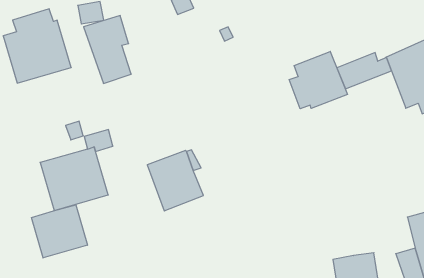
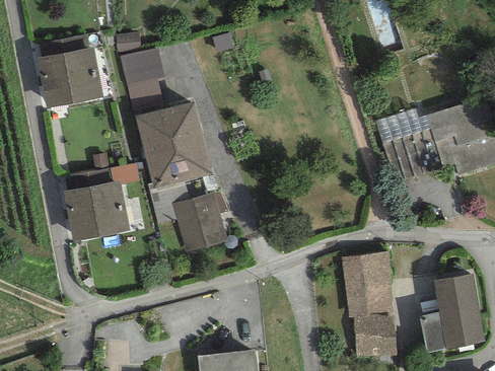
building: [289,51,347,109] -> none
building: none -> [135,101,213,188]
building: none -> [344,251,394,317]
building: [31,205,87,258] -> none

